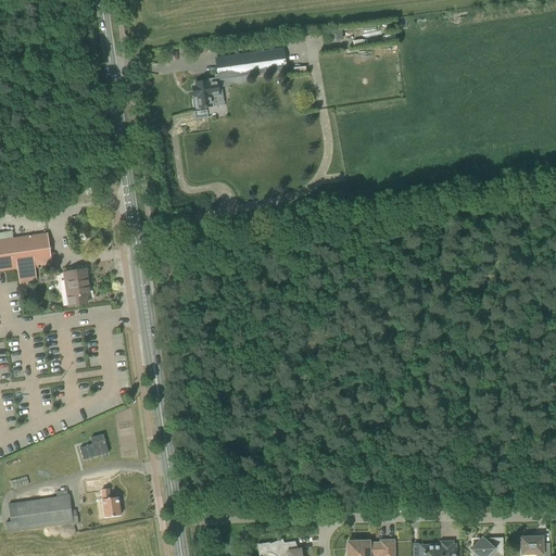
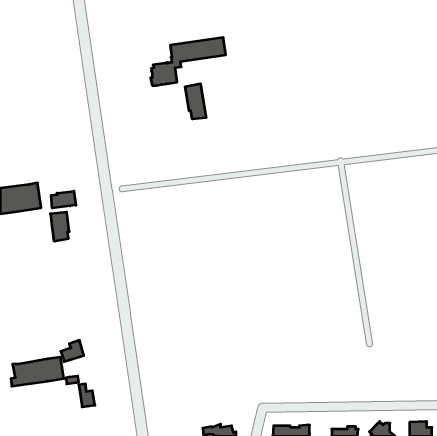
building: none -> [185,84,206,119]
building: none -> [51,191,76,208]
building: [5,495,73,532] -> [11,357,64,386]

